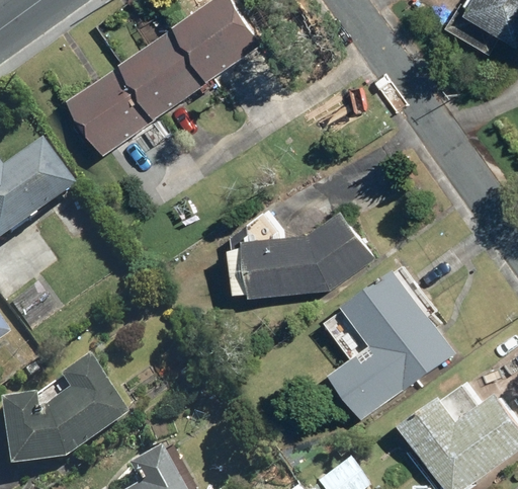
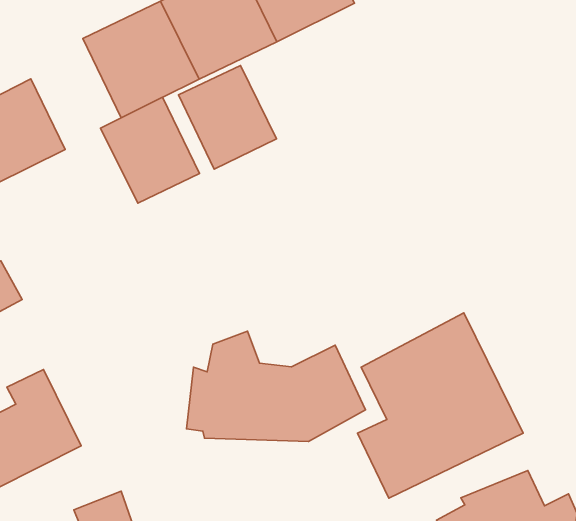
building: none -> [179,65,276,169]
building: none -> [101,97,199,203]
building: [233,212,371,300] -> [186,331,366,441]

